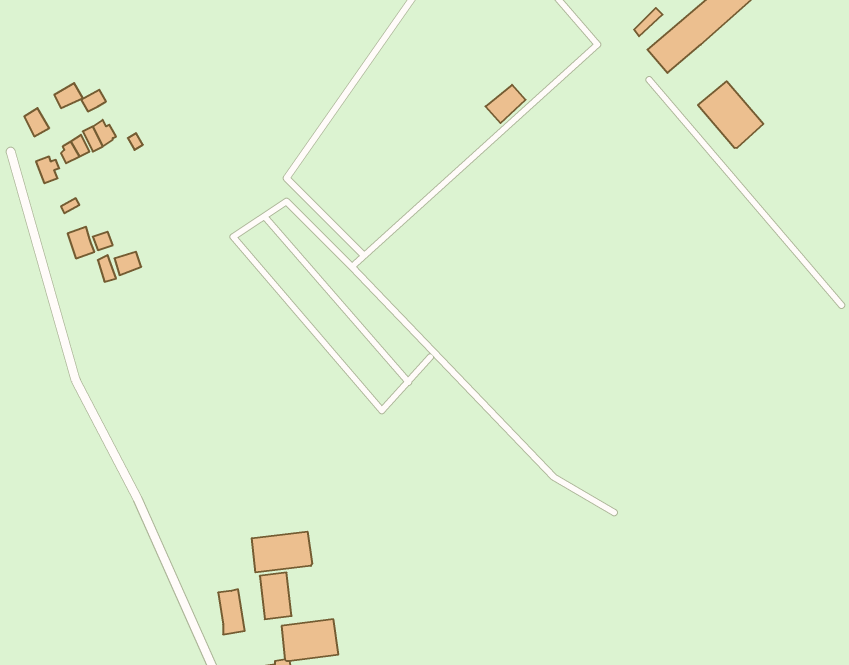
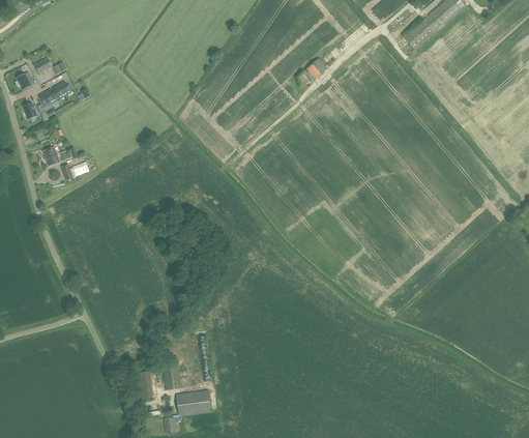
building: [698,81,763,148] -> none
building: [252,532,312,572] -> none

